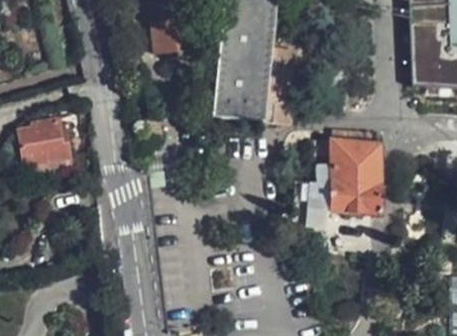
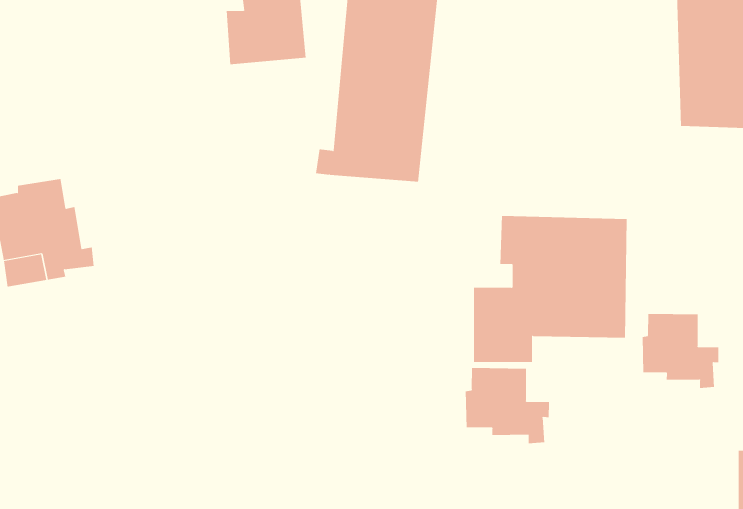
building: none -> [642,313,719,389]
building: none -> [465,367,549,444]

